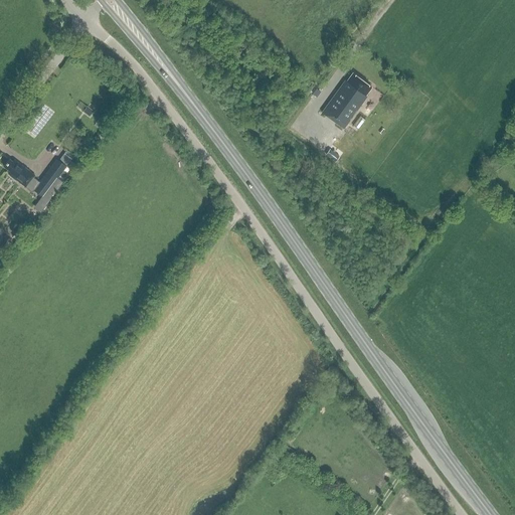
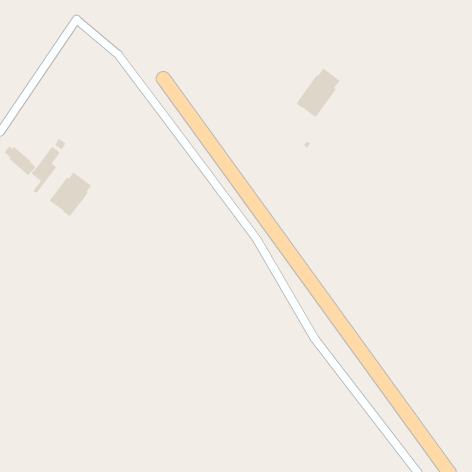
building: none -> [48,171,92,217]

